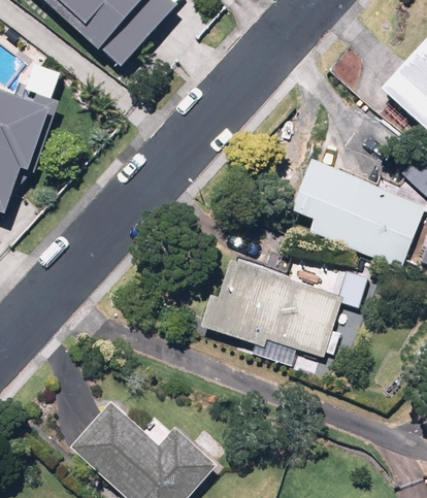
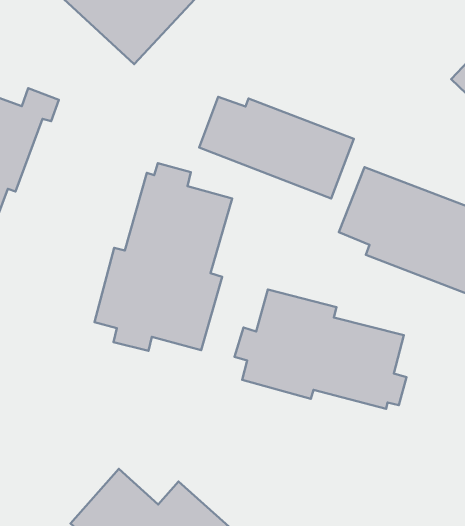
building: none -> [199,97,354,198]
building: none -> [94,163,232,351]

